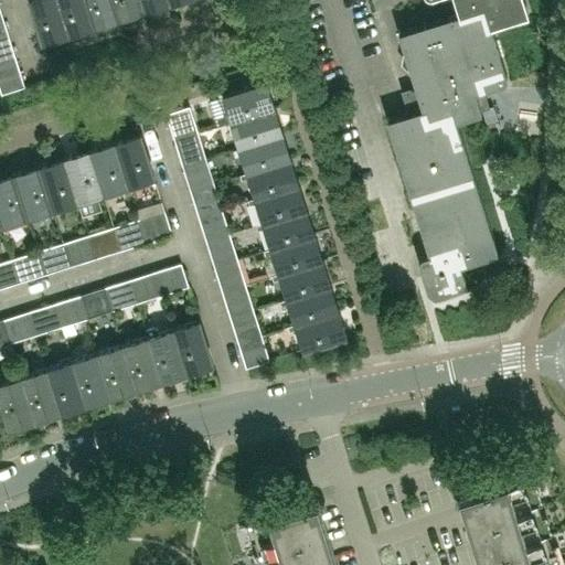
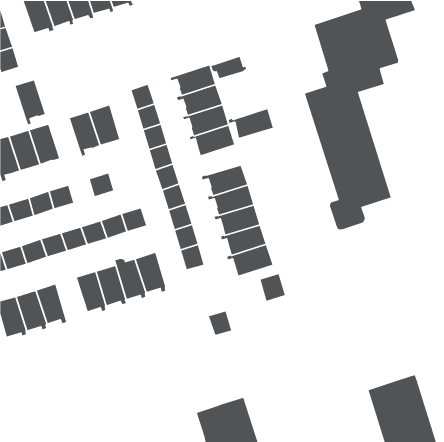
building: none -> [210,56,247,79]
building: [62,153,102,211] -> [14,80,46,125]
building: [247,188,306,226] -> [228,108,274,139]
building: [138,214,170,246] -> none
building: [87,231,119,262] -> none
building: [236,340,267,372] -> [208,311,232,336]
building: none -> [259,273,286,302]
building: [71,355,110,408] -> none

